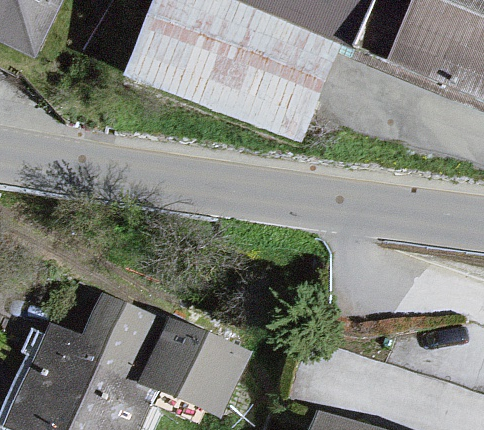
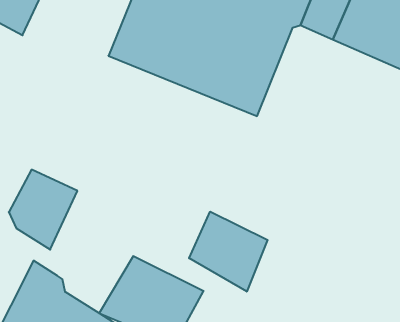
building: none -> [189,212,268,292]
building: [74,290,155,384] -> [9,170,77,250]

